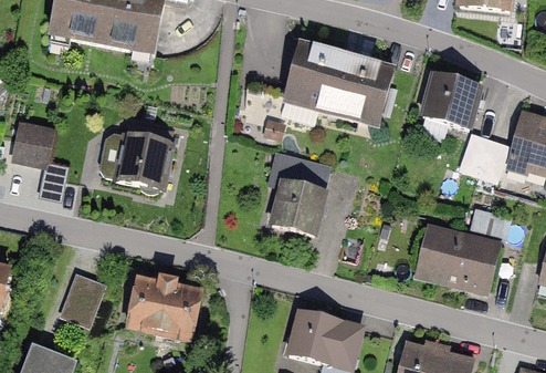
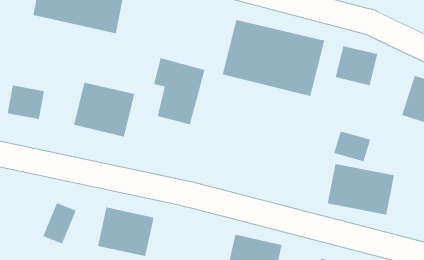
building: [463,135,511,175] -> [333,130,371,162]
building: [265,148,330,234] -> [153,57,205,125]

